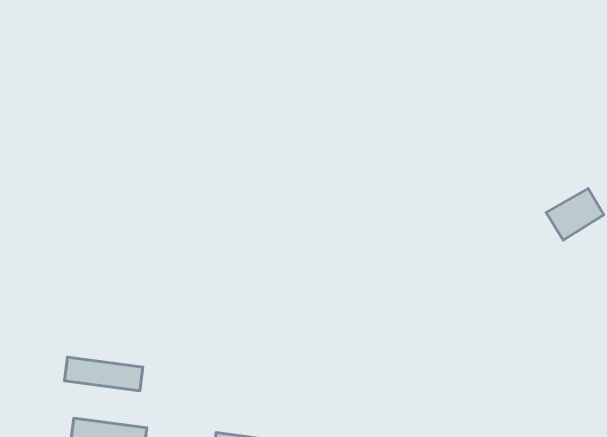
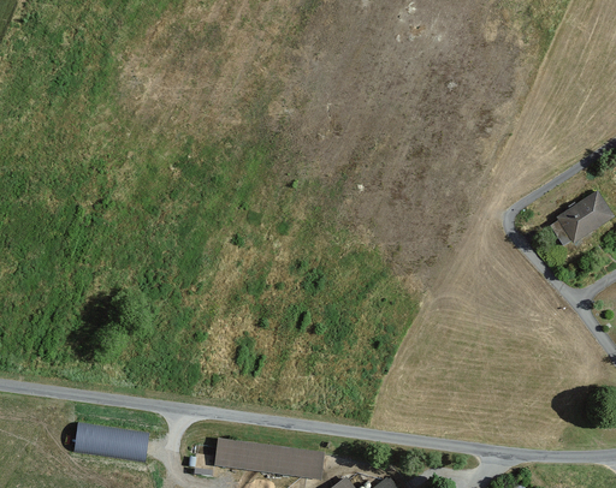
building: [64,357,143,391] -> none

